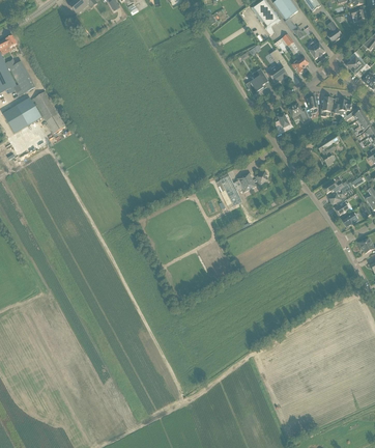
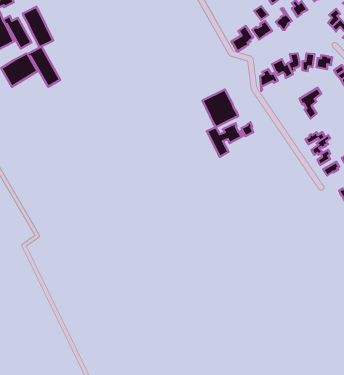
building: none -> [23,7,53,47]
building: none -> [203,89,238,127]

